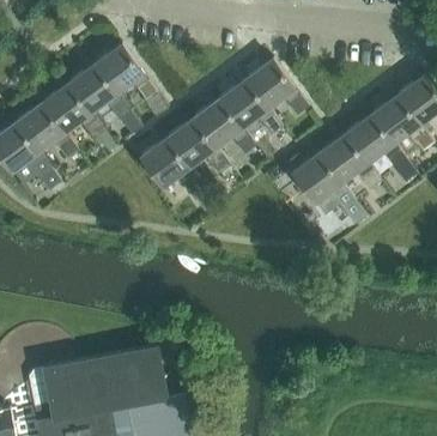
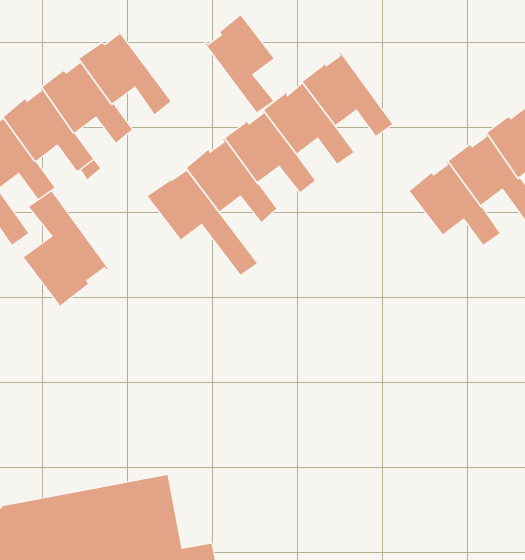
building: none -> [205,15,275,113]
building: none -> [23,191,109,307]
building: [293,152,365,222] -> none

